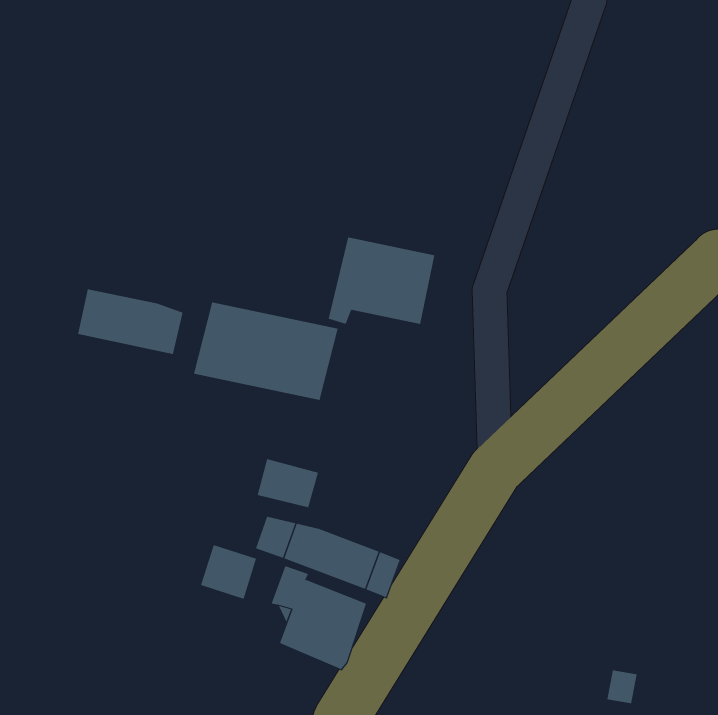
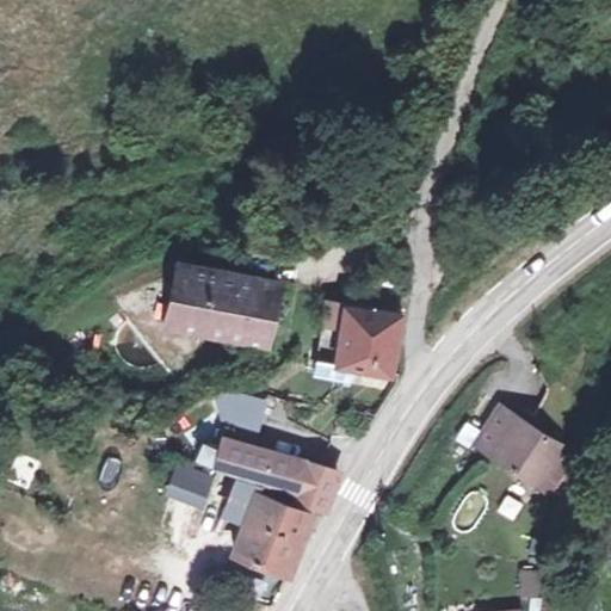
building: [328,237,435,324] -> [317,301,408,375]
building: [78,288,183,355] -> none
building: none -> [477,412,567,494]

